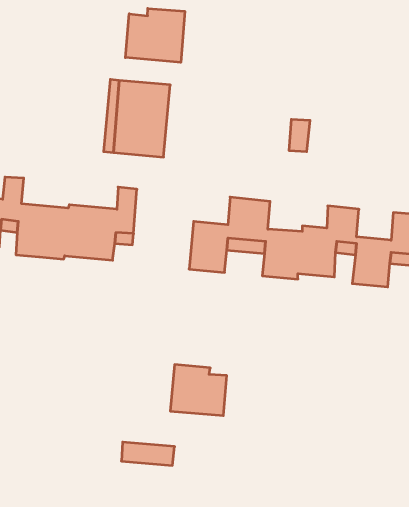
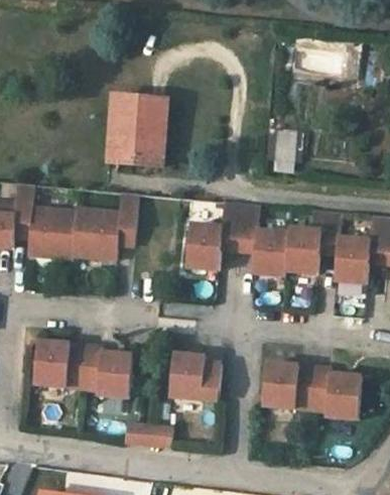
building: [125,8,185,62] -> none
building: none -> [32,342,131,398]
building: none -> [261,362,361,417]

